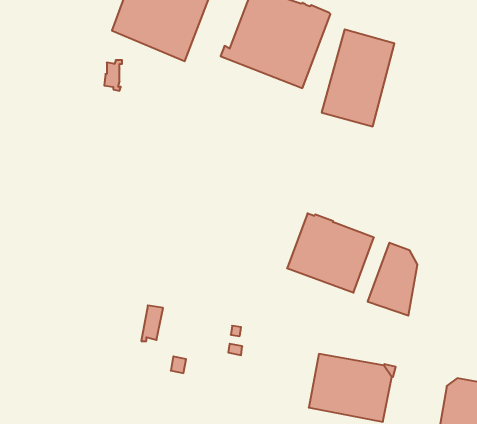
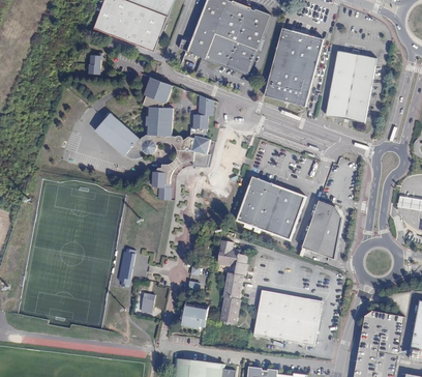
building: none -> [326,50,376,121]
building: none -> [98,77,213,200]
building: none -> [217,240,247,323]
building: none -> [181,302,208,331]

